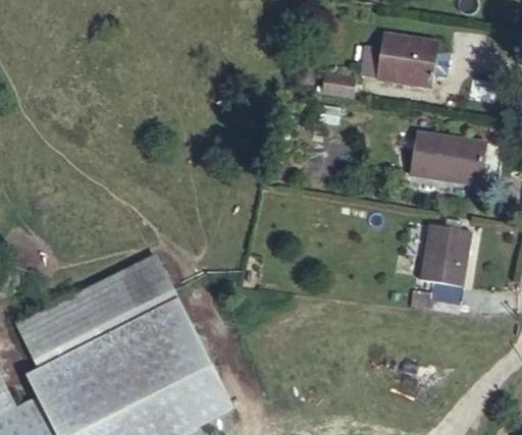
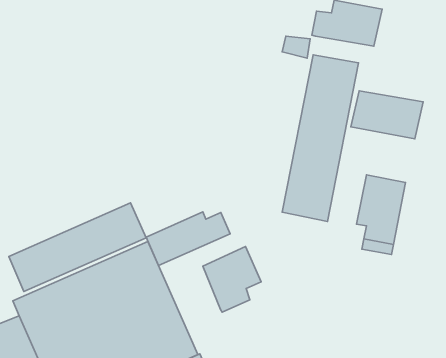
building: none -> [282,55,358,221]
building: none -> [146,212,230,265]
building: none -> [203,246,261,312]

